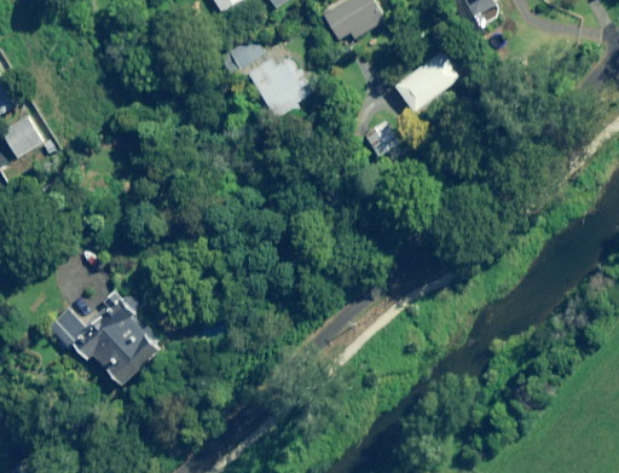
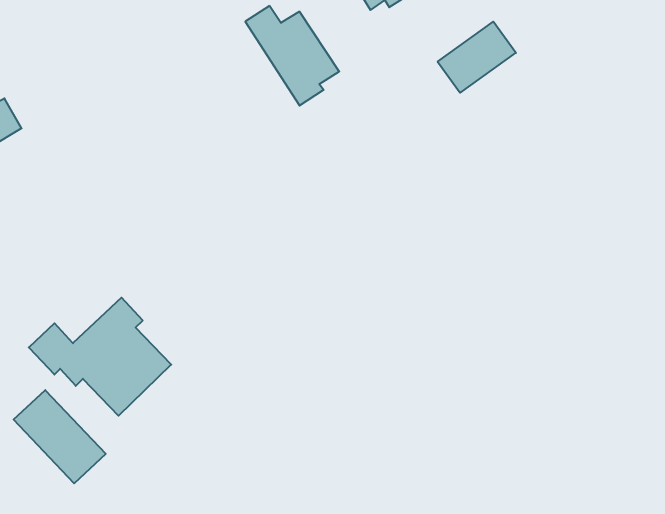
building: [364,121,400,156] -> none
building: none -> [14,390,106,483]

